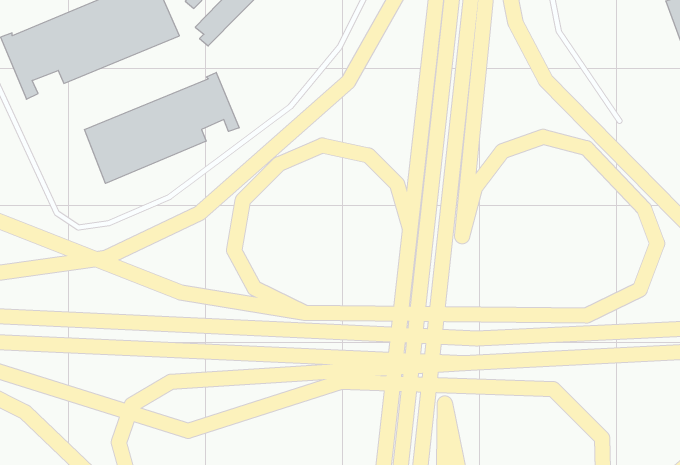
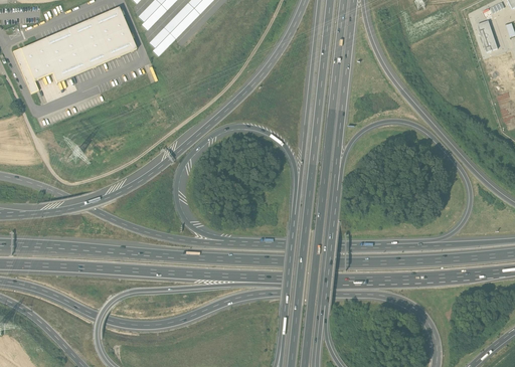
building: [84,72,239,183] -> none

